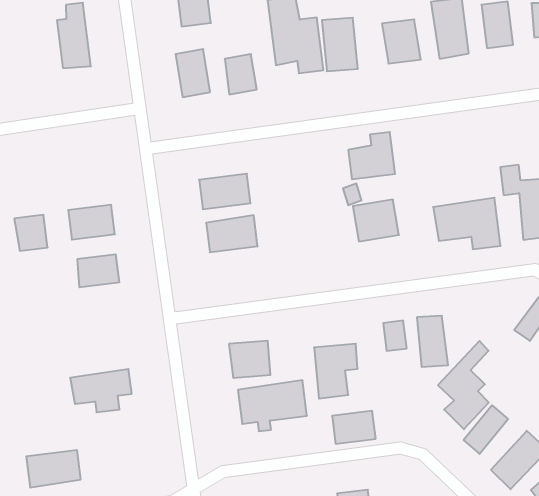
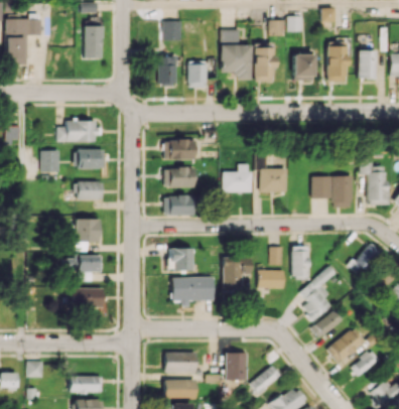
building: [348,132,395,179] -> [223,164,251,191]
building: none -> [58,120,103,141]
building: none -> [164,195,197,216]
building: none -> [72,219,101,251]
building: [332,411,376,444] -> [258,270,284,288]
building: [26,450,81,487] -> [72,288,105,308]

